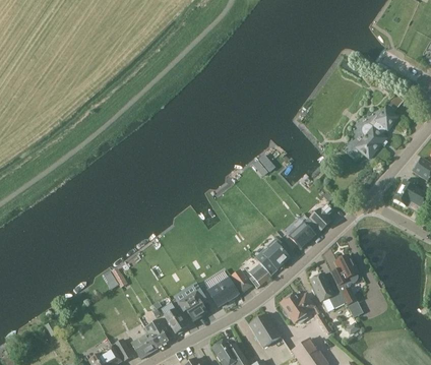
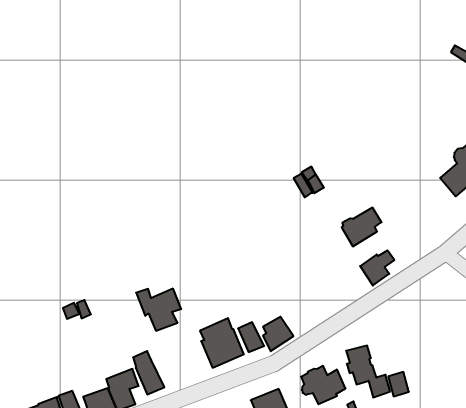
building: [289,218,316,247] -> [342,208,382,246]
building: [255,238,289,271] -> none
building: [331,253,357,290] -> none
building: [174,288,207,319] -> [136,289,181,331]

